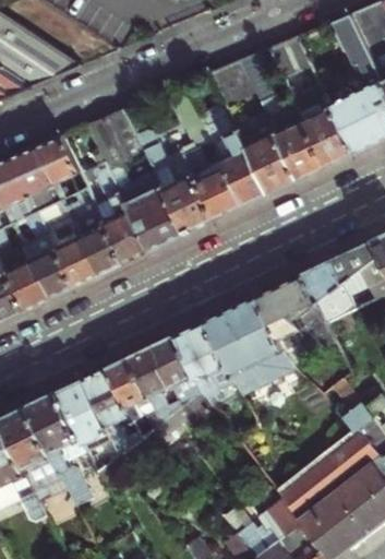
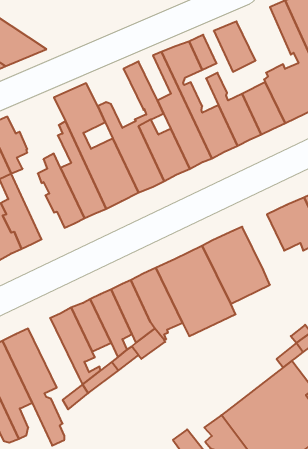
building: [34,133,87,194] -> none
building: [38,205,99,286] -> none
building: [303,258,356,321] -> none
building: [58,377,116,456] -> none

